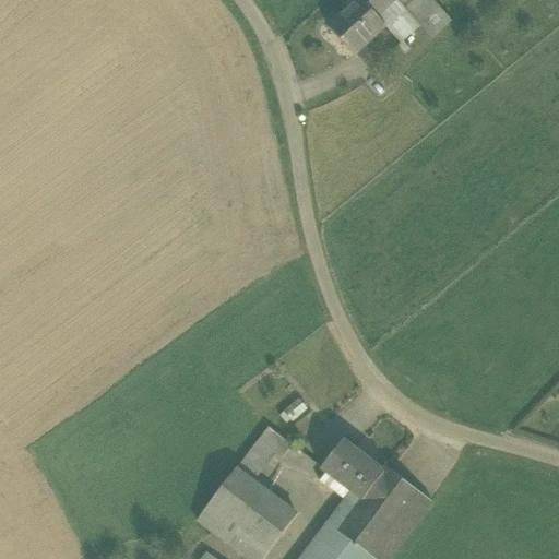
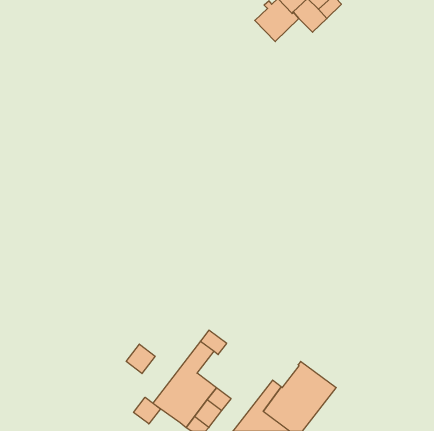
building: [321,439,384,499] -> none
building: none -> [126,344,155,374]
building: none -> [134,397,161,424]

